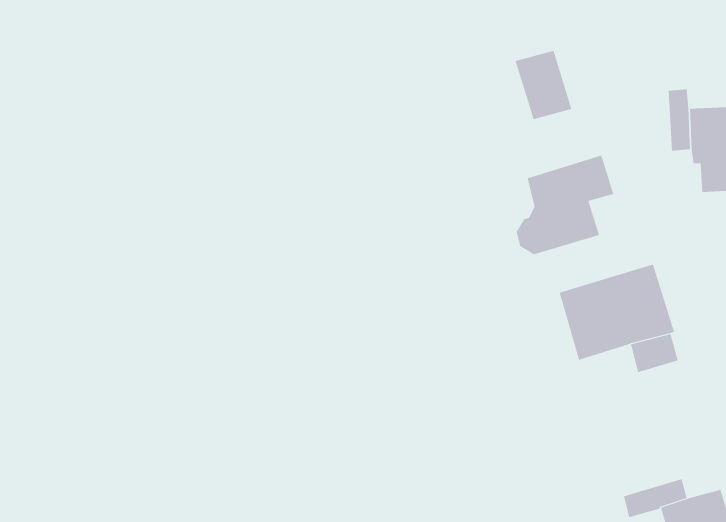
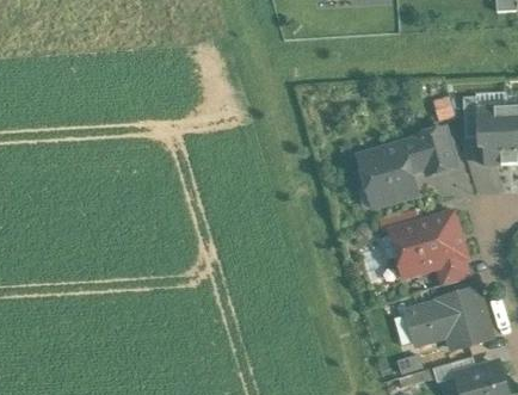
building: [515,50,572,120] -> [418,128,456,174]
building: none -> [408,290,491,346]

